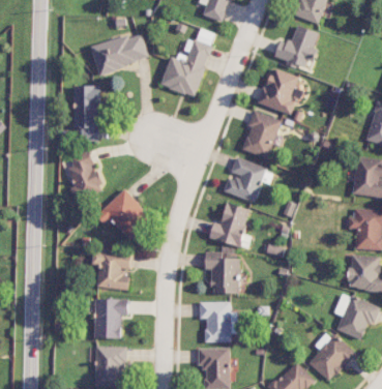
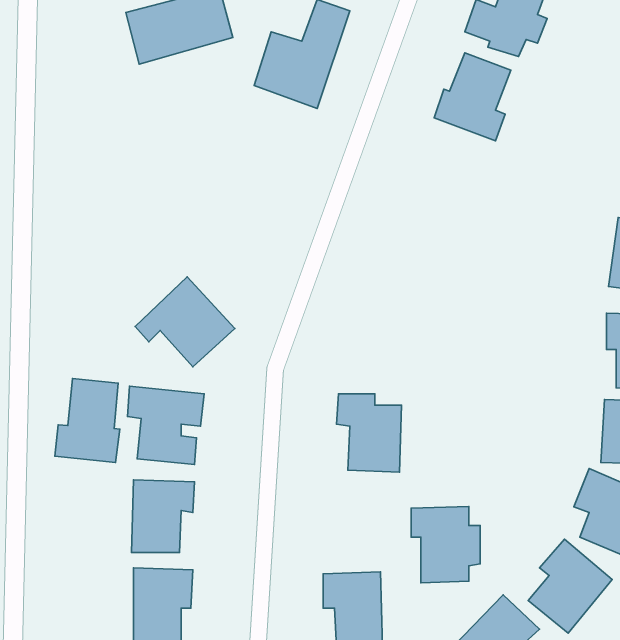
building: [72,86,99,142] -> none
building: [241,111,281,159] -> none
building: [66,154,102,200] -> none
building: [223,158,273,203] -> none
building: [208,204,249,247] -> none
building: none -> [55,378,120,462]
building: [199,302,236,343] -> [411,506,480,583]

